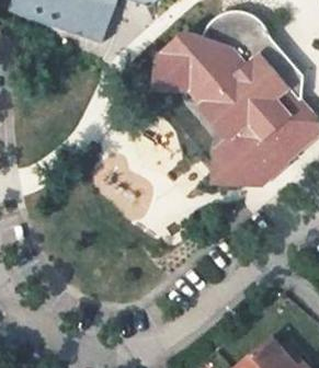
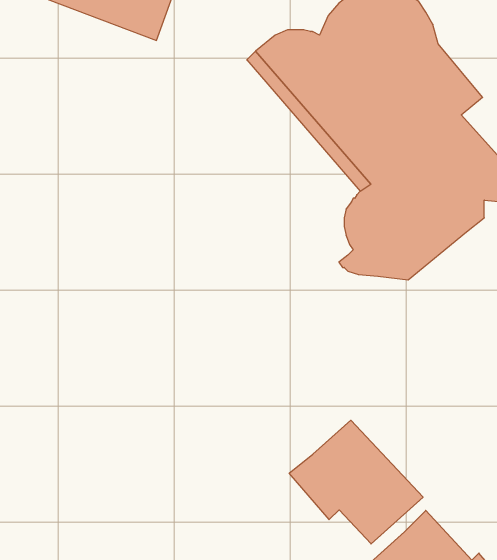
building: none -> [289,420,423,544]

